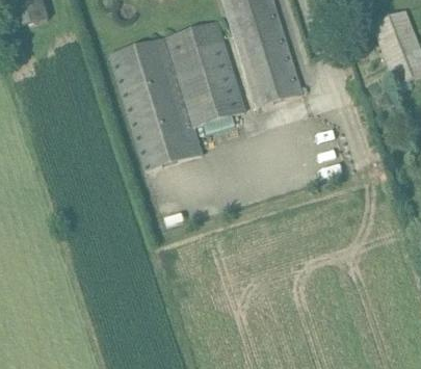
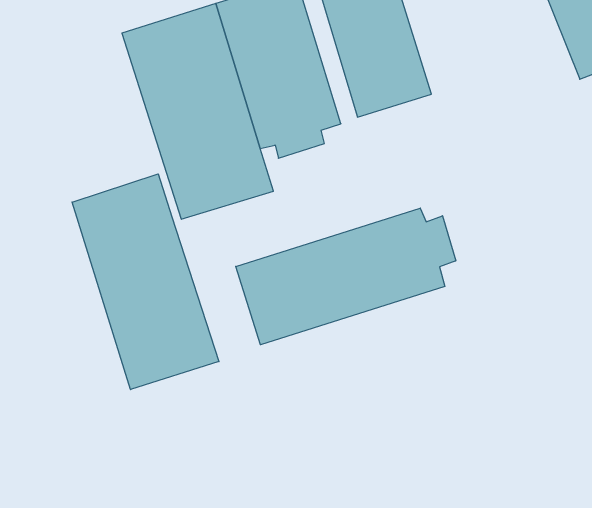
building: none -> [72,174,219,390]
building: none -> [236,208,456,345]

